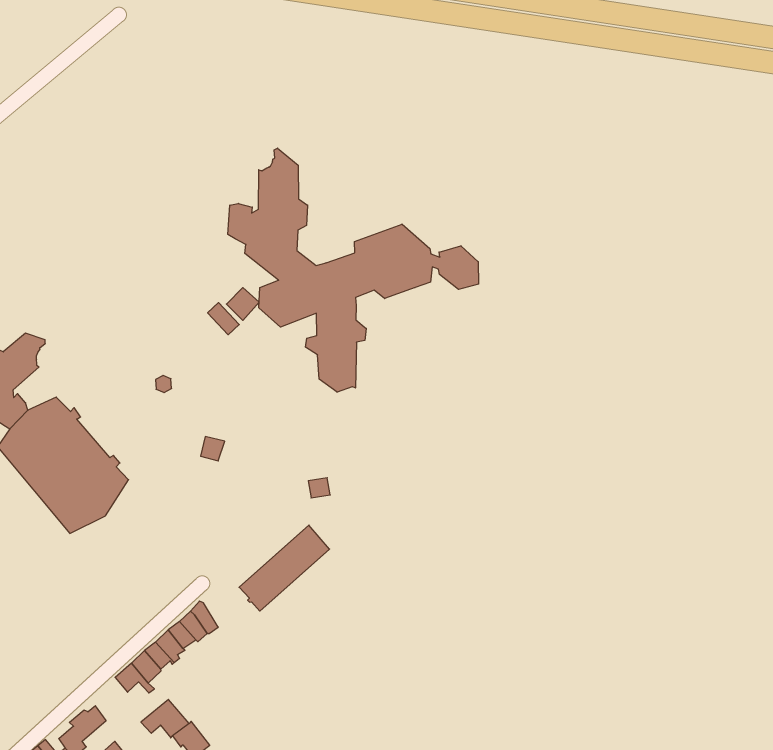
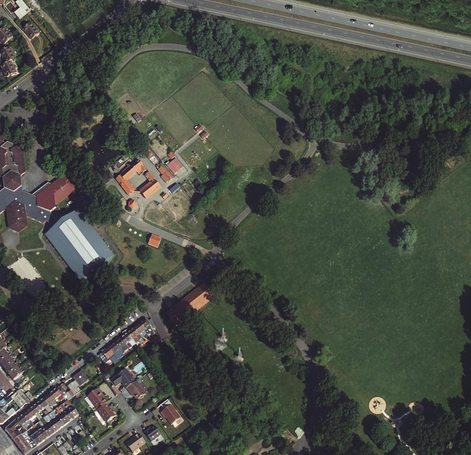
building: [228,148,479,392] -> none
building: none -> [118,161,161,198]

